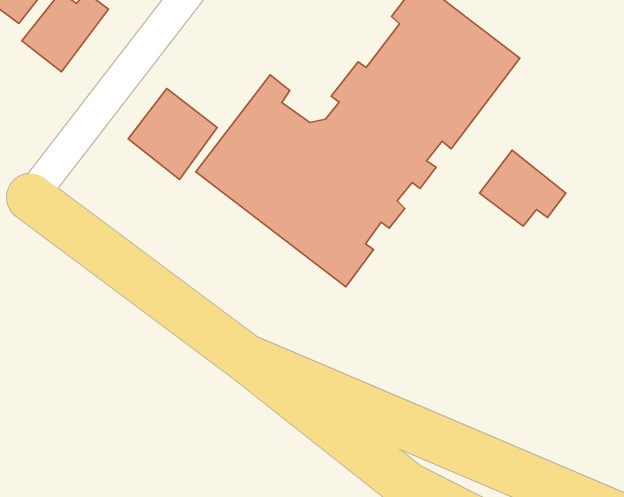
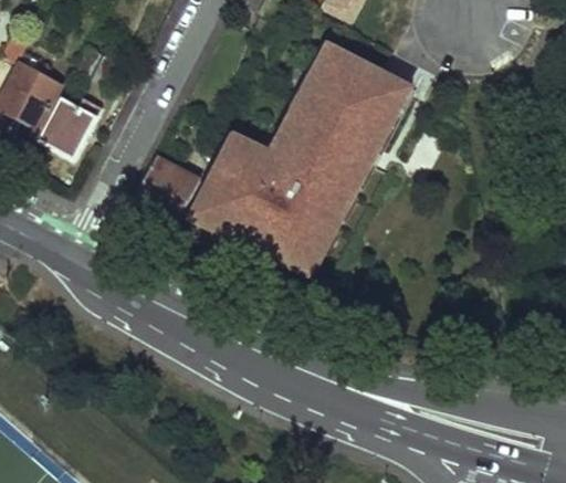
building: [480,150,566,226] -> none

